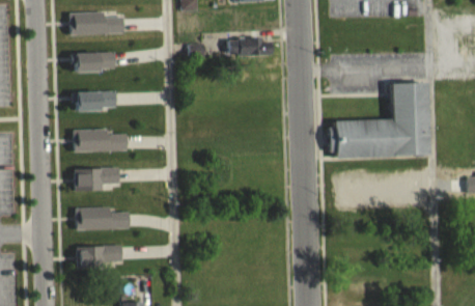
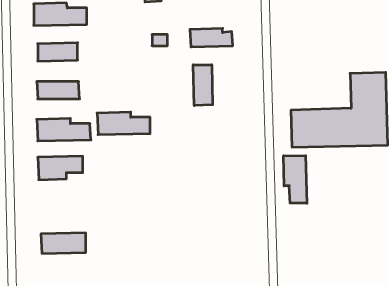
building: none -> [193,65,213,106]
building: none -> [284,156,307,203]
building: [76,206,130,229] -> [97,112,150,135]

